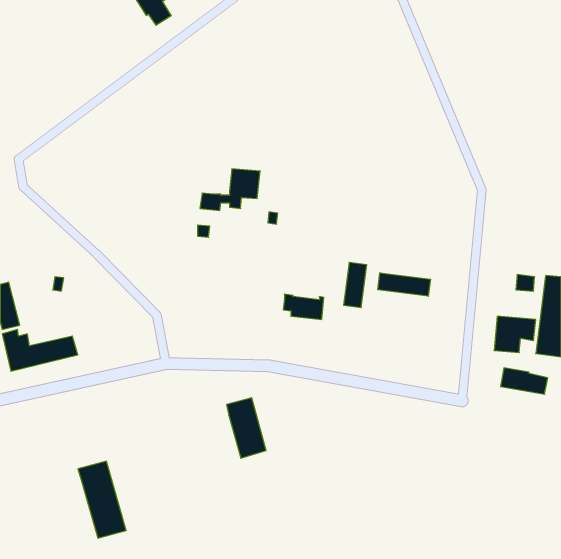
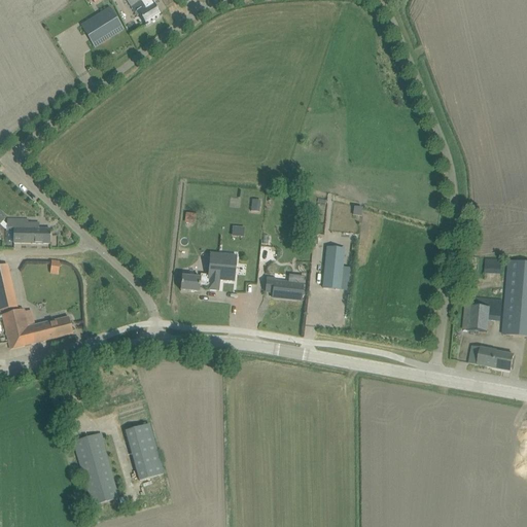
building: none -> [80,6,124,46]
building: [200,169,260,211] -> [180,252,237,291]
building: none -> [7,217,50,242]
building: [378,273,430,296] -> none
building: [227,398,266,458] -> [126,423,163,480]

